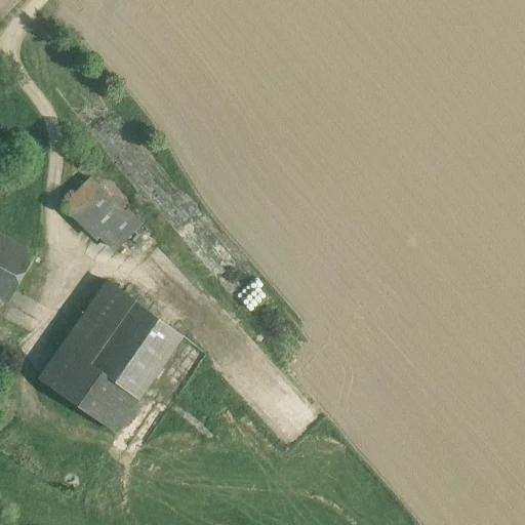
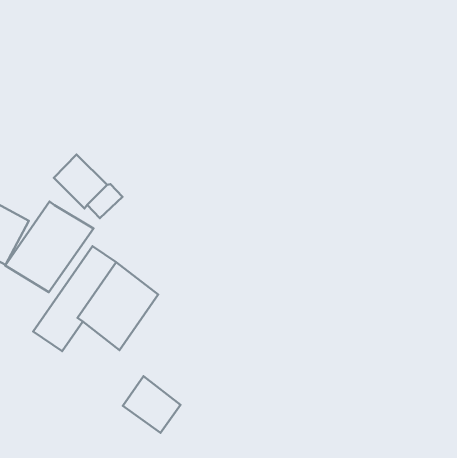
building: none -> [5,201,93,292]
building: [71,367,136,432] -> [123,376,180,433]

